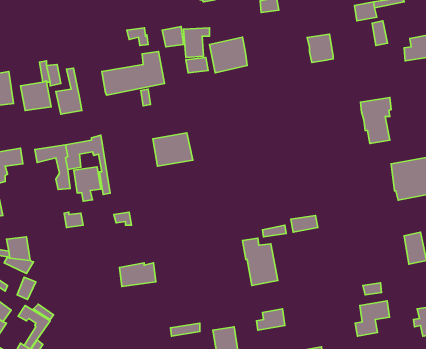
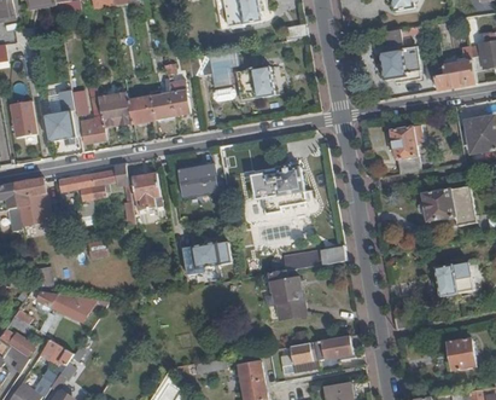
building: [307,34,333,62] -> [379,50,405,79]
building: none -> [94,85,129,129]
building: none -> [259,166,304,214]
building: [74,167,101,201] -> [132,174,159,209]
building: none -> [48,294,87,321]
building: [119,263,156,286] -> [191,242,228,266]
building: [355,301,389,336] -> [317,335,352,371]

